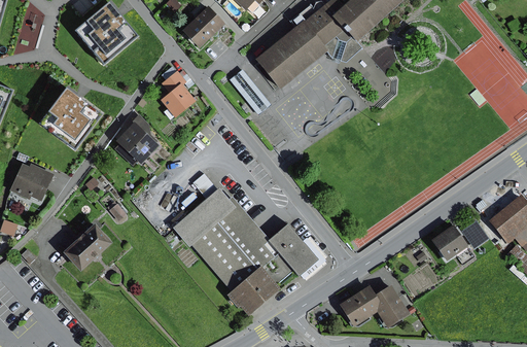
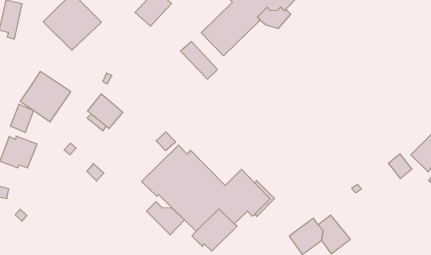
building: [161,70,195,116] -> none
building: none -> [11,104,34,133]
building: [62,223,111,271] -> none
building: [430,225,467,262] -> none
building: none -> [147,202,185,235]

